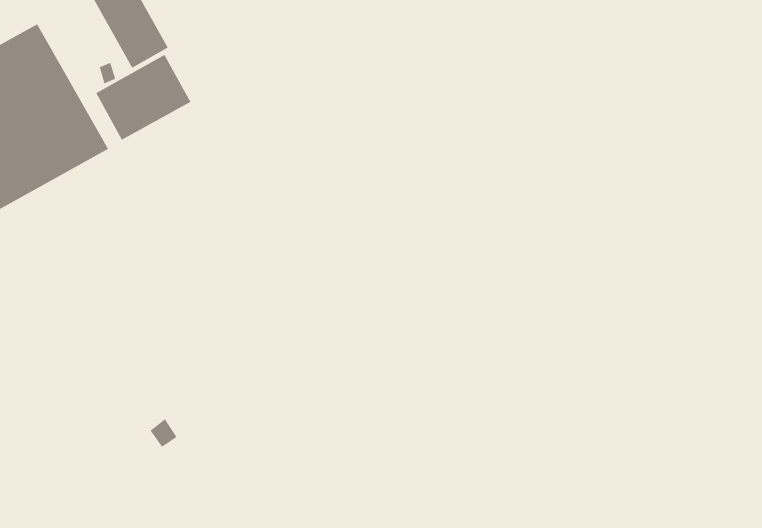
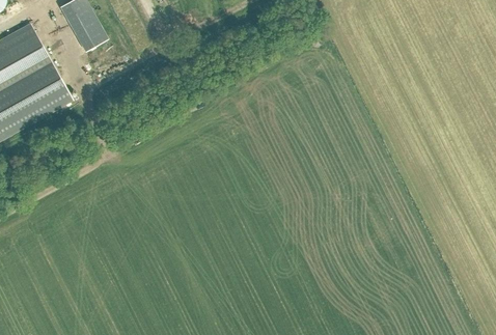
building: [95,54,191,141] -> none

